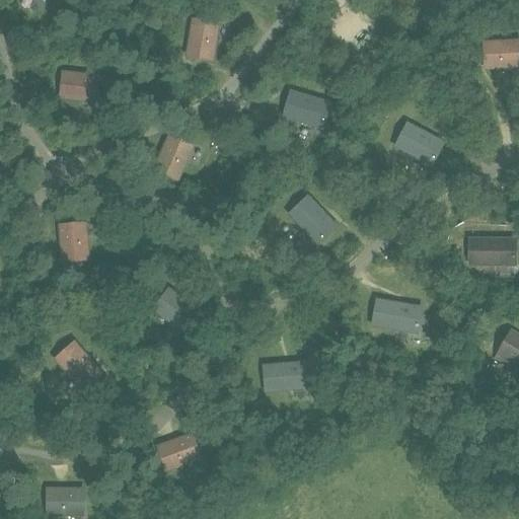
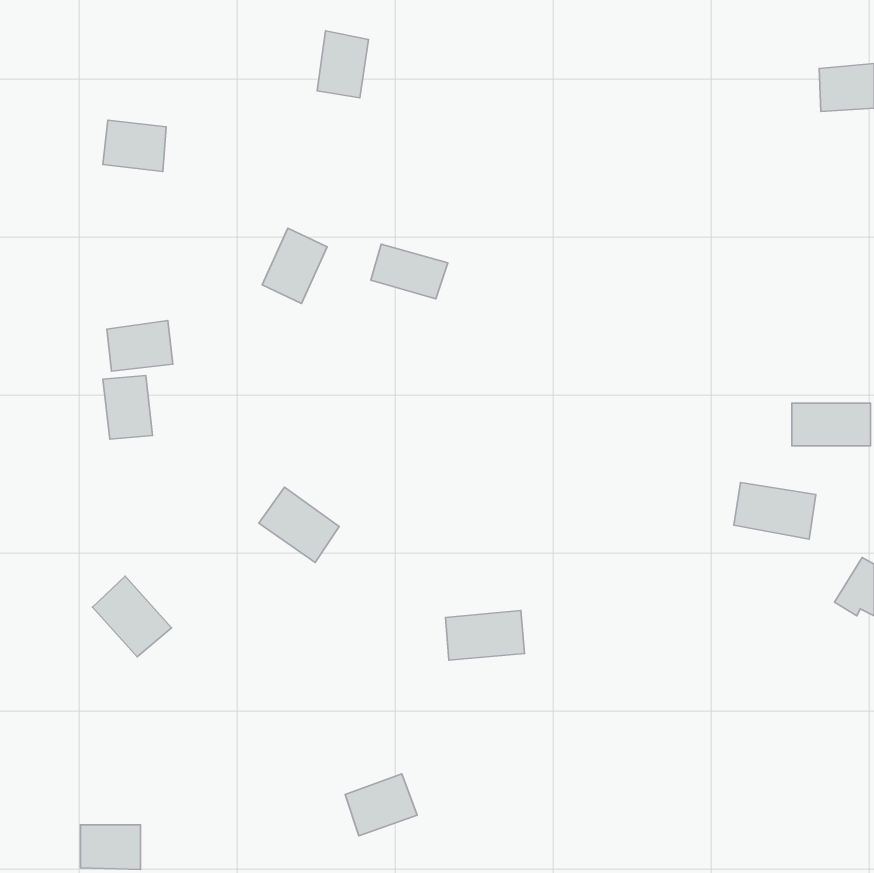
building: [283,94,328,127] -> [371,244,448,299]
building: [395,123,443,164] -> none
building: none -> [107,321,173,371]
building: [289,195,336,242] -> none
building: [372,299,421,332] -> [734,482,816,539]
building: [158,433,201,469] -> [345,774,417,836]

